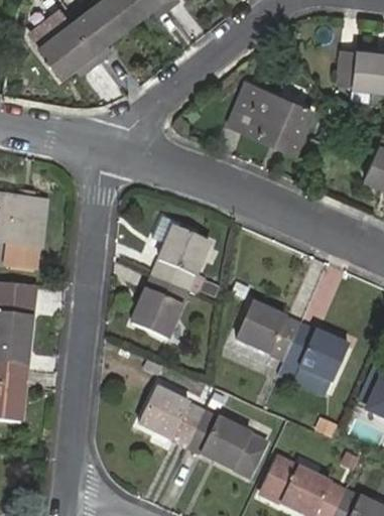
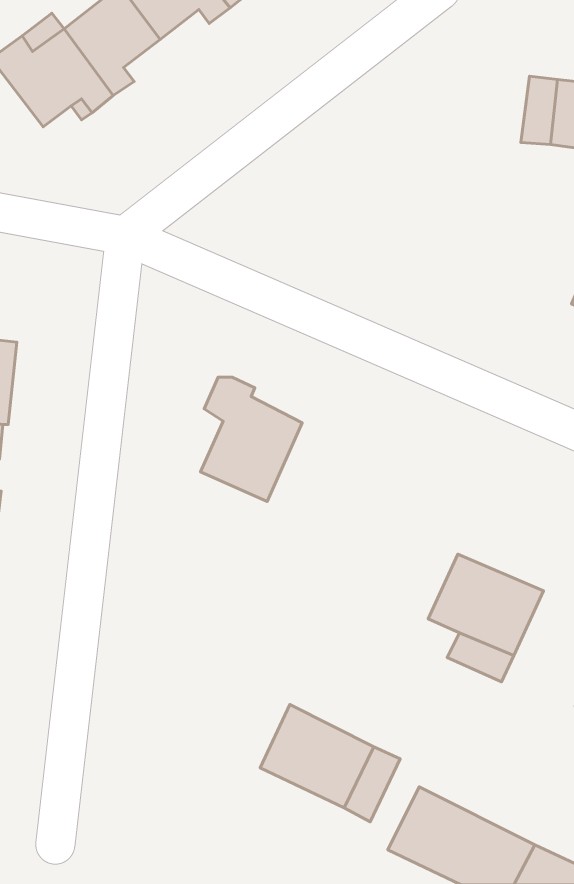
building: [230,84,311,152] -> none
building: [131,275,189,340] -> none
building: [237,303,299,360] -> none
building: [140,388,203,445] -> none

